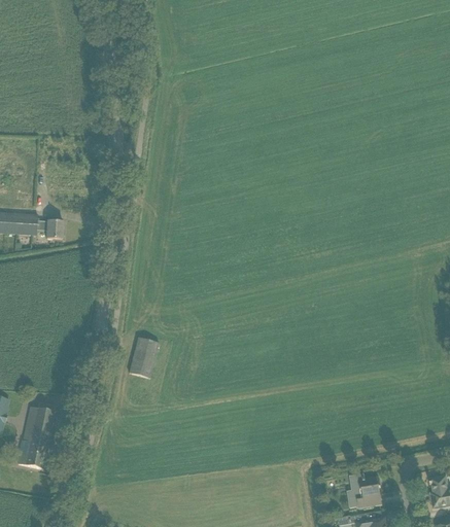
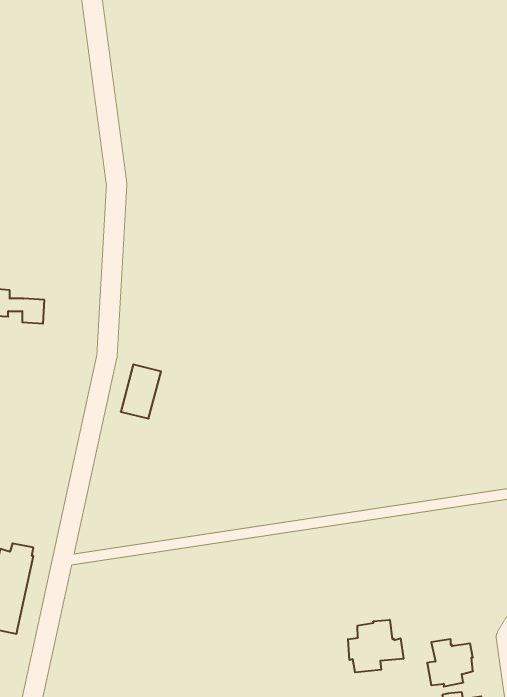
building: [129,338,159,378] -> [121,364,161,419]
building: none -> [348,620,403,672]

